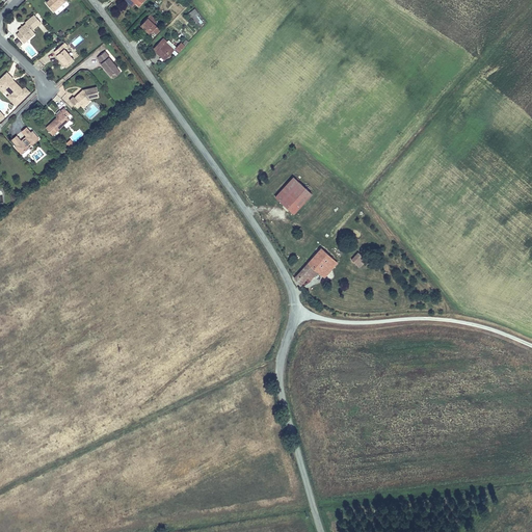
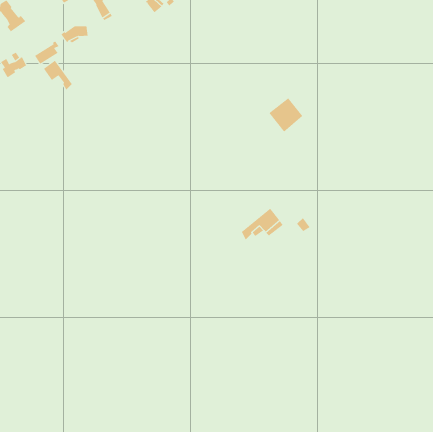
building: none -> [43,60,72,90]
building: [274,177,312,214] -> [268,98,303,132]

